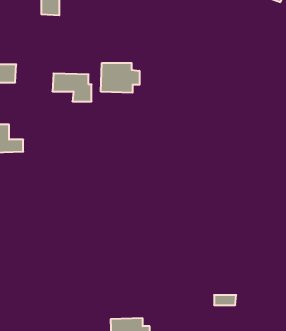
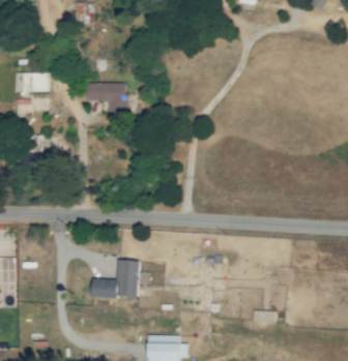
building: [101,63,140,93] -> none
building: none -> [92,259,139,297]

